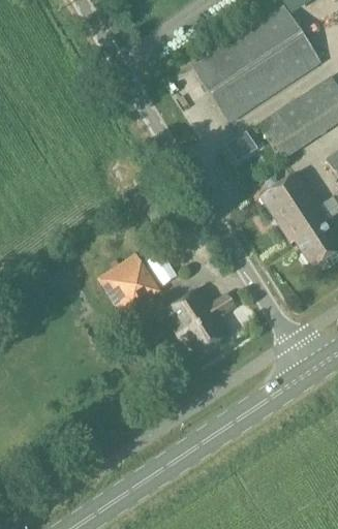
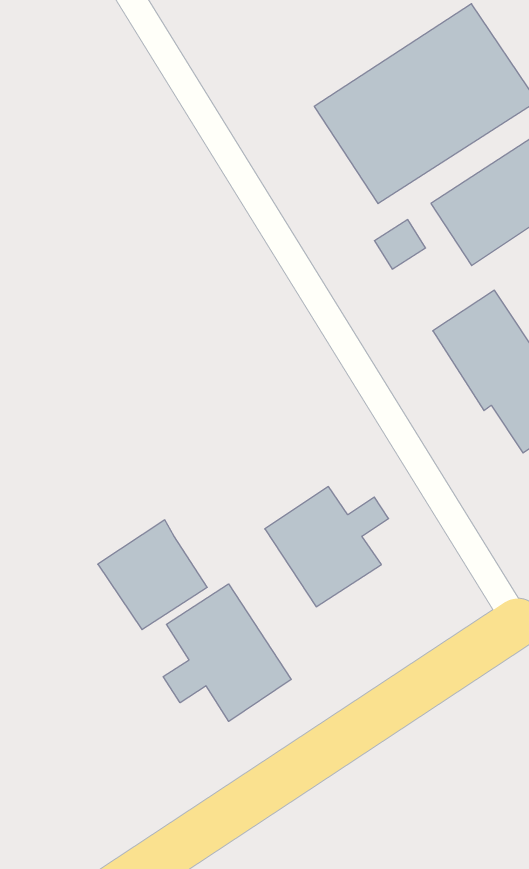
building: [98,251,162,315] -> [98,520,207,630]
building: none -> [163,584,291,721]

